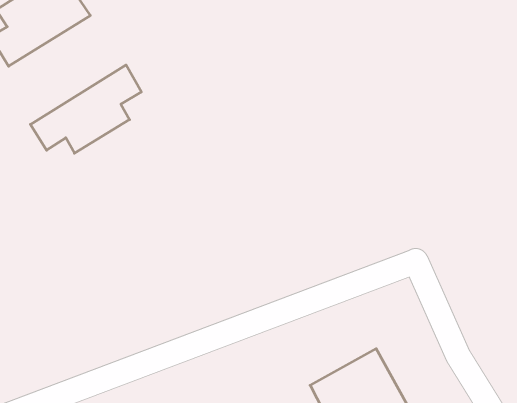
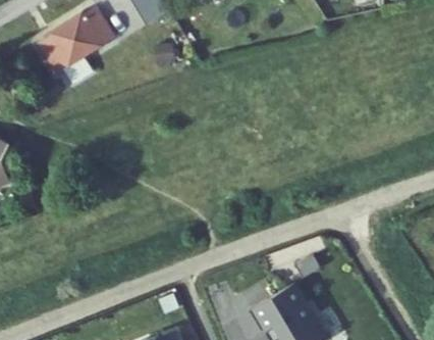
building: [30,65,141,153] -> none

